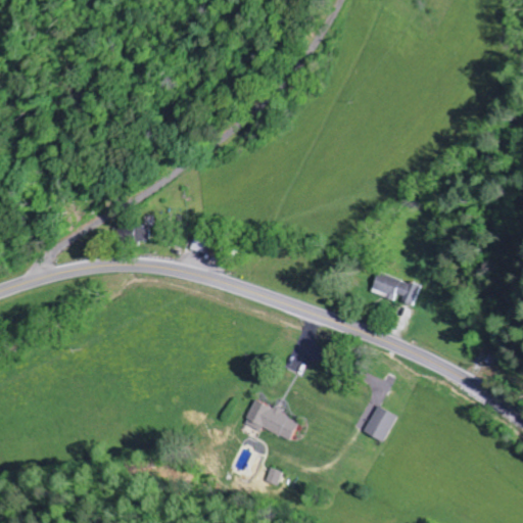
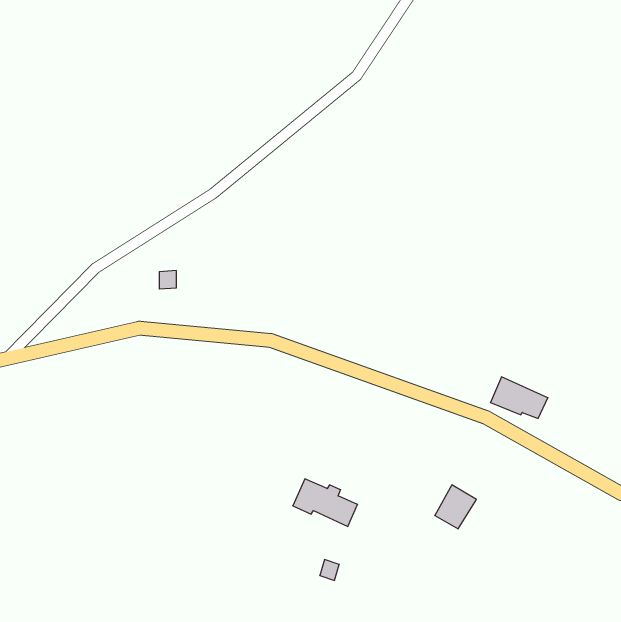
building: [371,270,419,304] -> [490,377,548,418]

